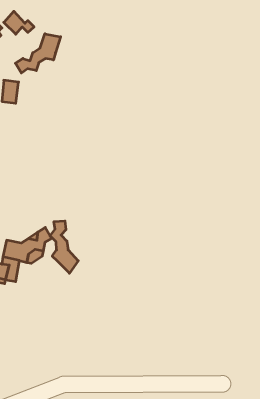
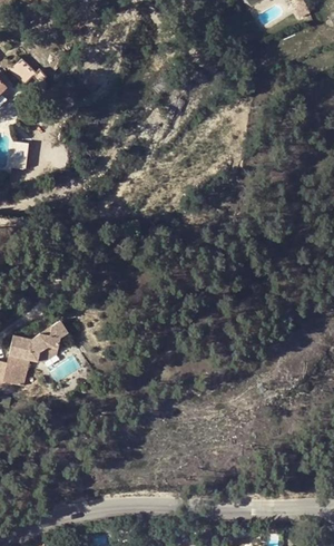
building: [15,34,61,73] -> none
building: [50,221,78,273] -> none

